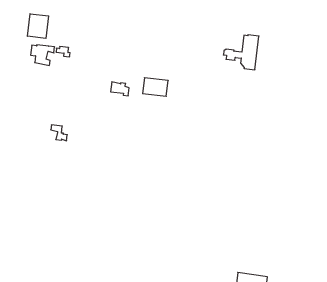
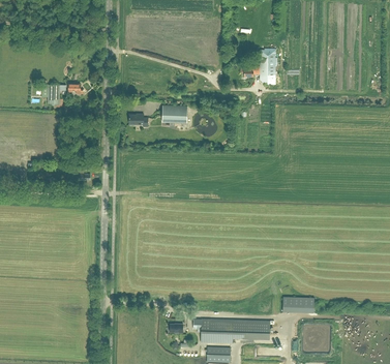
building: [27,14,49,38] -> none

